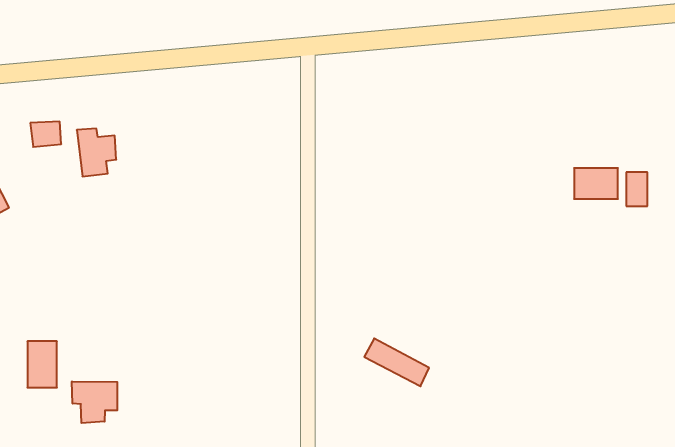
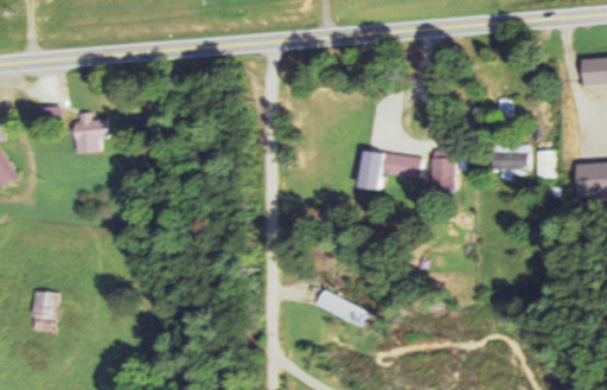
building: none -> [359,149,422,191]
building: none -> [432,151,456,191]
building: [72,381,117,423] -> none

